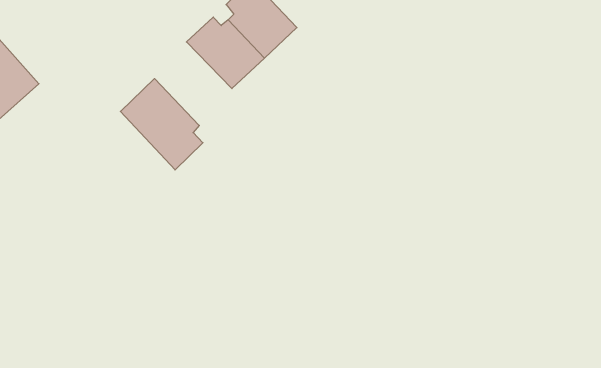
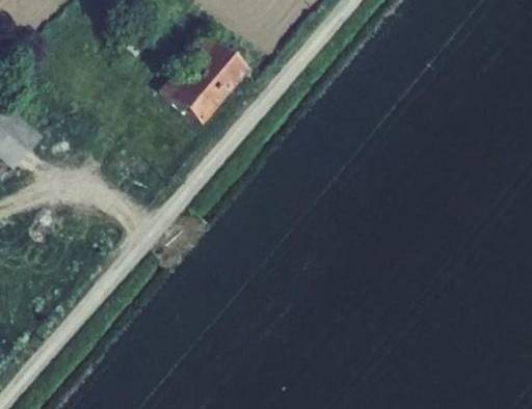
building: [120,79,203,170] -> none

